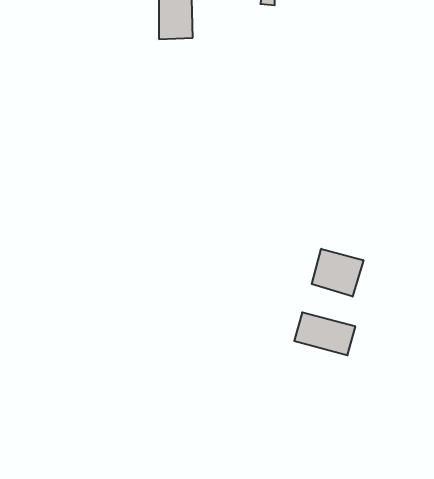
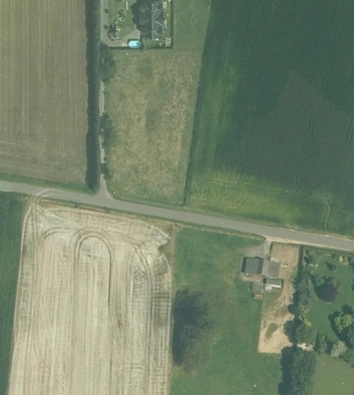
building: [312,249,363,297] -> none

